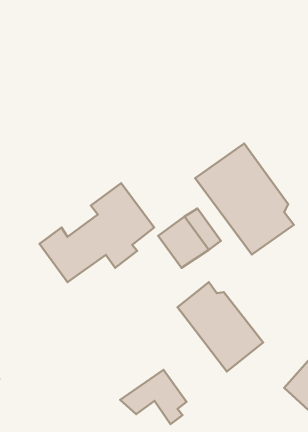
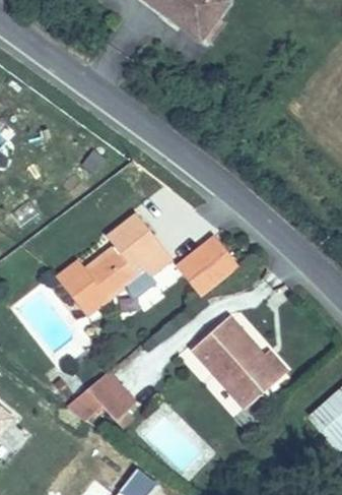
building: [195,144,294,254] -> none
building: [120,370,187,424] -> [70,367,137,422]

